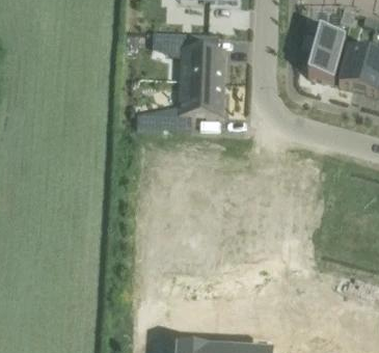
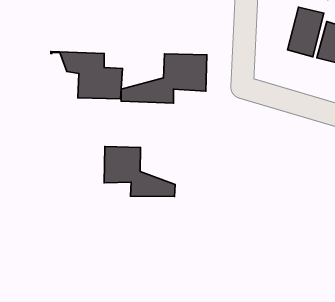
building: [153,32,226,81] -> [51,51,122,99]
building: none -> [104,146,175,197]

